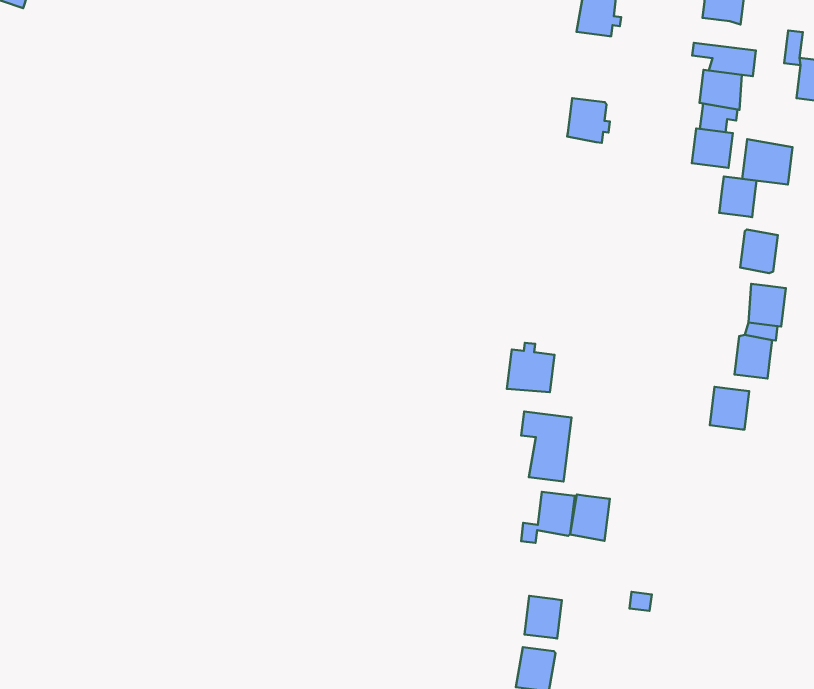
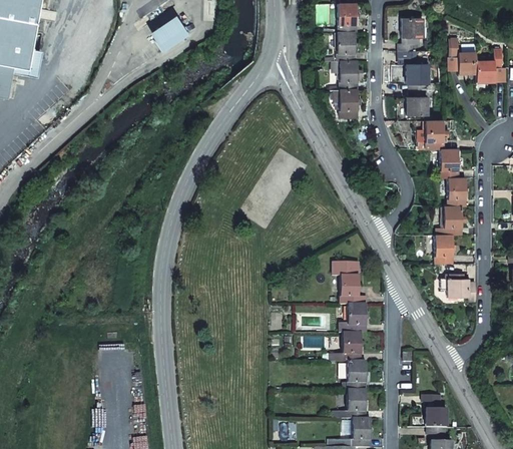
building: none -> [339,60,363,82]
building: [742,139,793,184] -> none
building: [507,343,554,392] -> none
building: none -> [440,275,469,298]
building: [570,495,610,541] -> [342,332,361,355]

